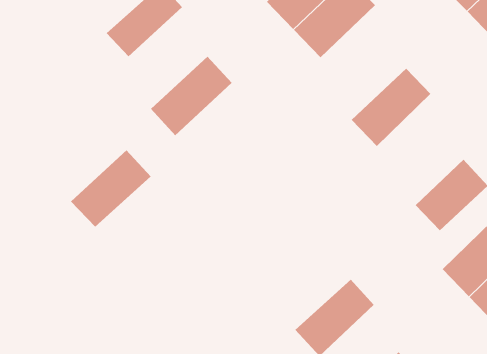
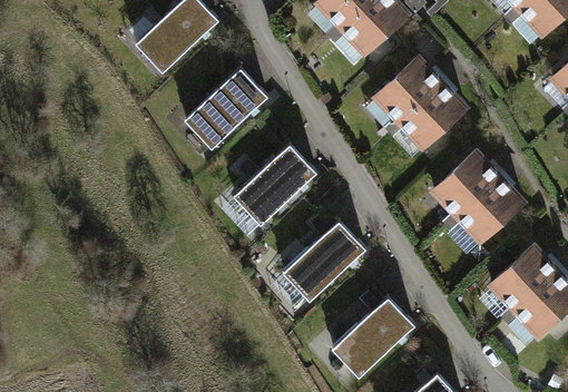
building: none -> [364,52,447,134]
building: none -> [428,145,506,222]
building: [70,150,152,227] -> [233,144,316,224]
building: none -> [283,219,368,302]

